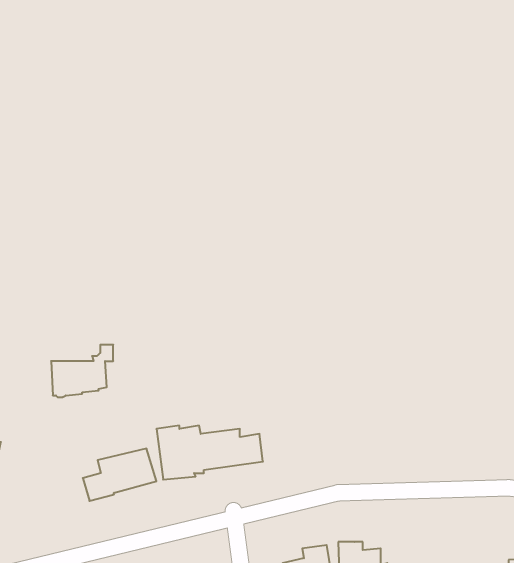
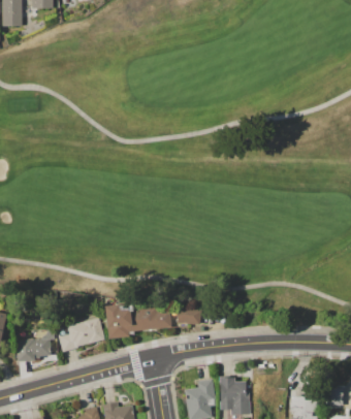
building: [51,345,113,397] -> [15,328,55,361]
building: none -> [176,305,201,324]

